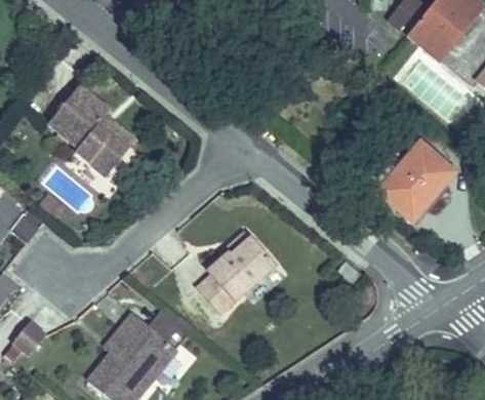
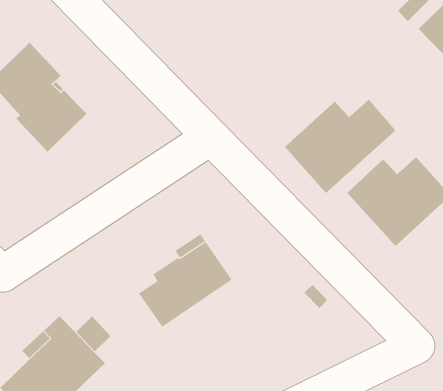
building: none -> [284,99,396,194]

